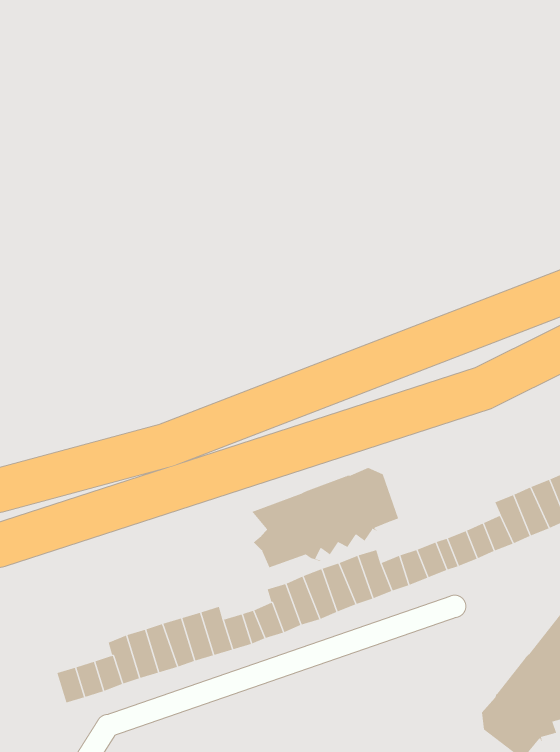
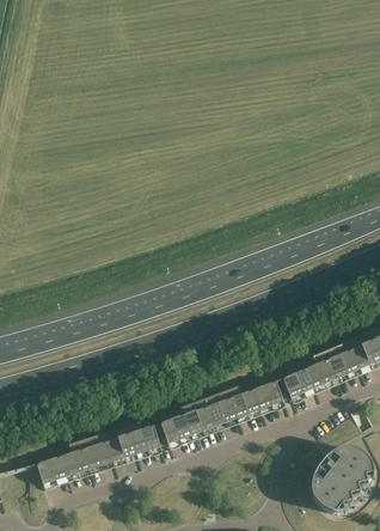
building: [251,467,399,568] -> none

